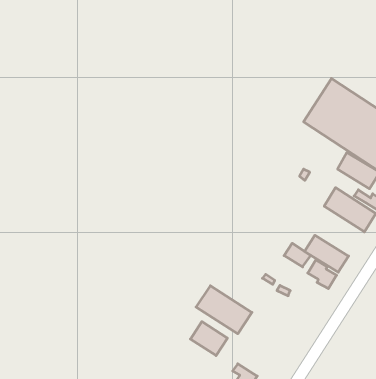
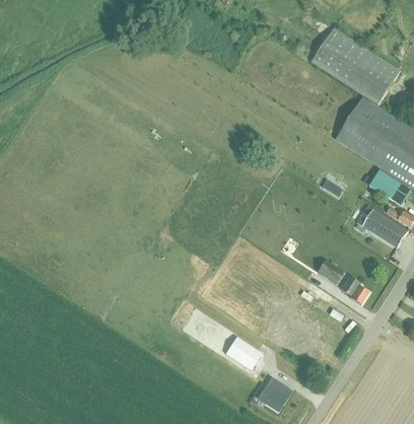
building: none -> [312,26,400,103]
building: [305,235,349,272] -> none
building: [196,286,252,334] -> none

